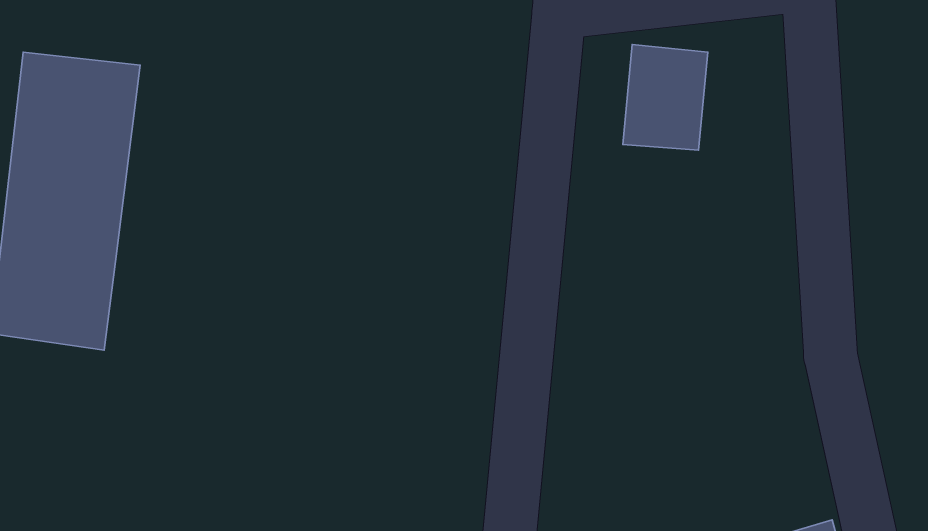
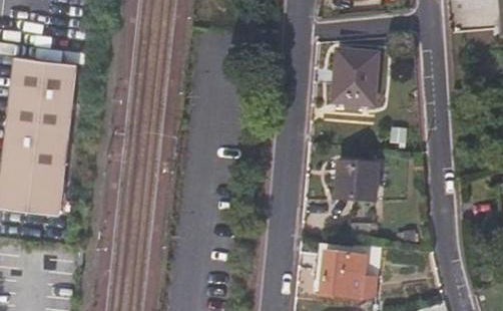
building: none -> [336,163,377,202]
building: none -> [314,244,378,301]

